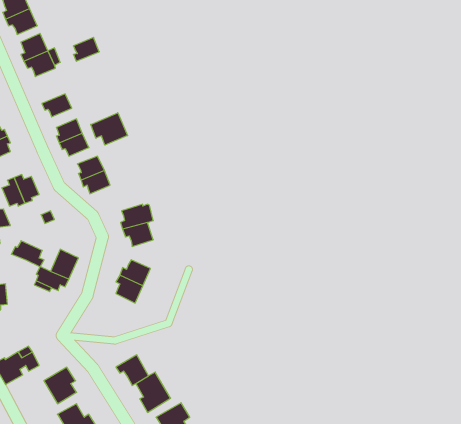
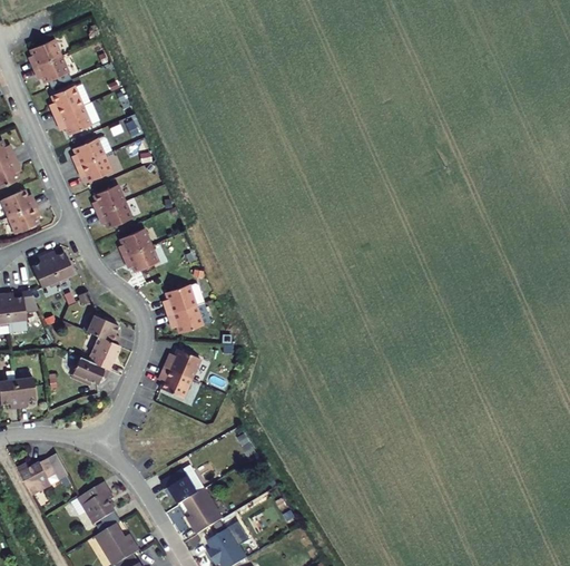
building: [73,37,99,61] -> [72,140,102,168]
building: [91,113,128,145] -> none
building: [11,241,44,267] -> [80,315,118,345]

